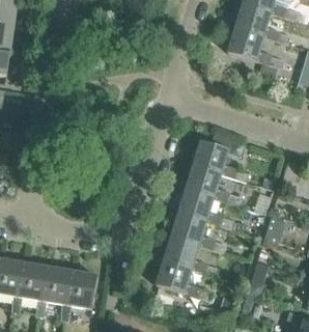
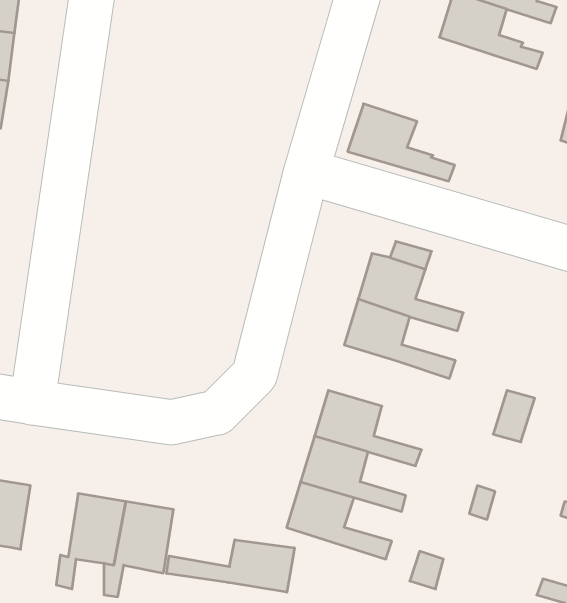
building: [227,27,283,67] -> [348,104,455,181]
building: [177,188,233,227] -> none
building: [11,261,47,311] -> none
building: none -> [167,540,294,592]

